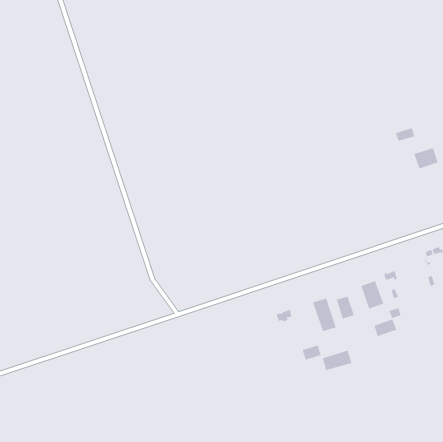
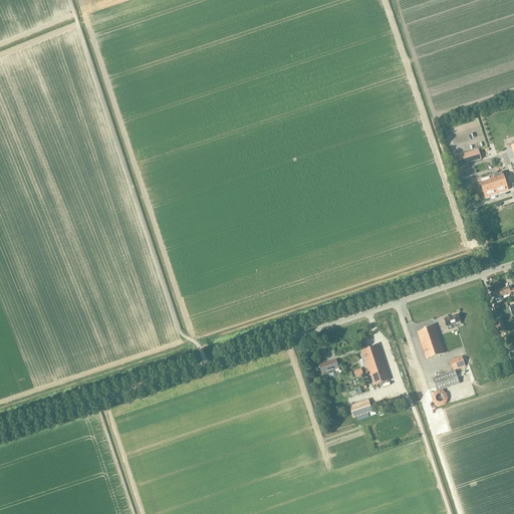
building: [336,296,355,320] -> none
building: [322,350,352,371] -> none

